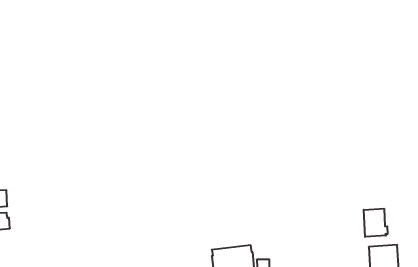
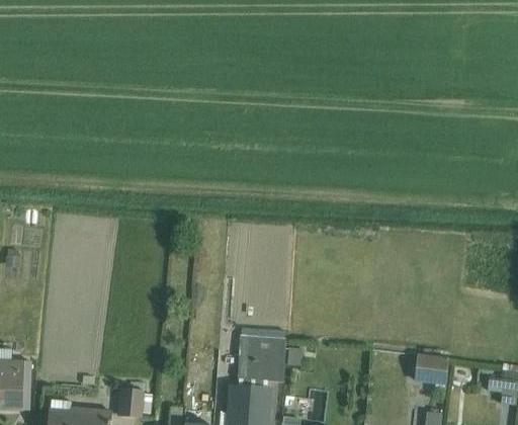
building: [364,209,388,237] -> none

